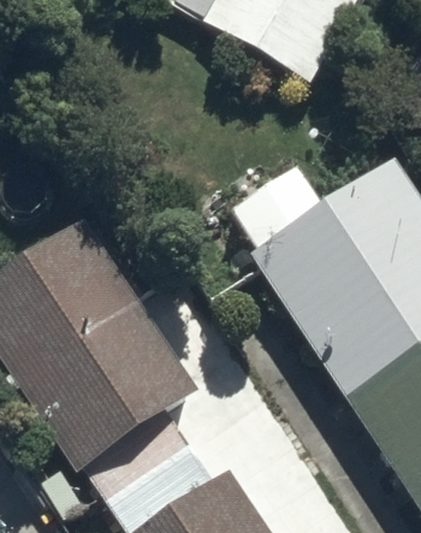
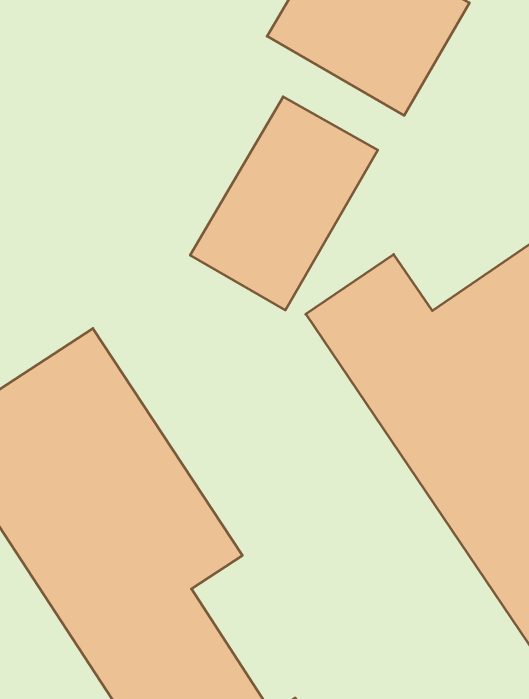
building: none -> [190,97,378,310]

